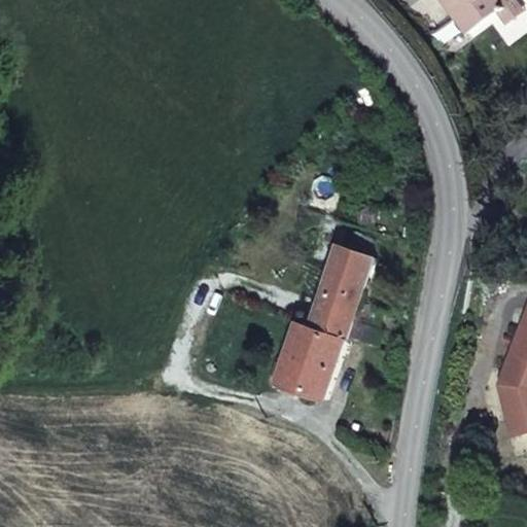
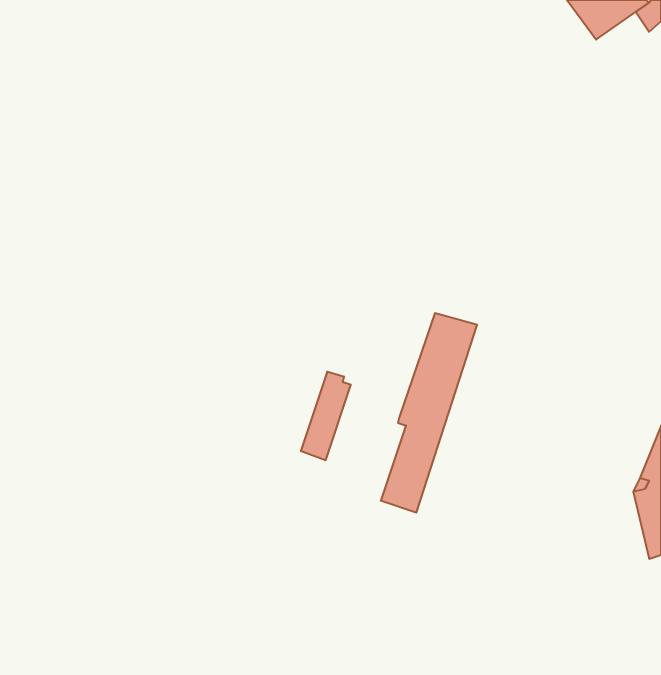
building: [277,321,316,390] -> [301,372,351,460]

